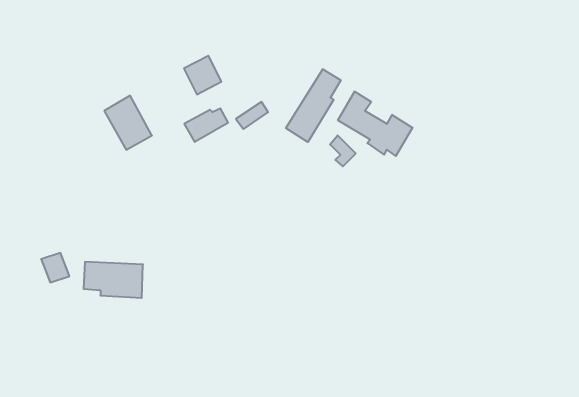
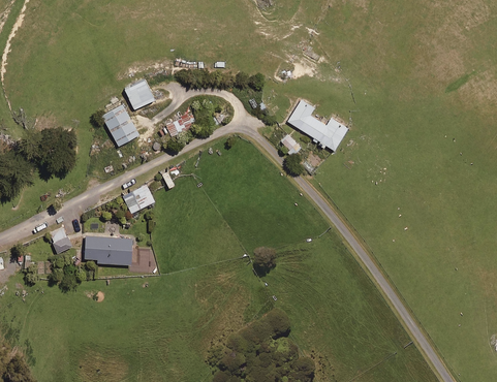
building: [184,56,221,94] -> [124,78,154,109]
building: [286,69,341,142] -> none
building: none -> [122,184,155,213]

